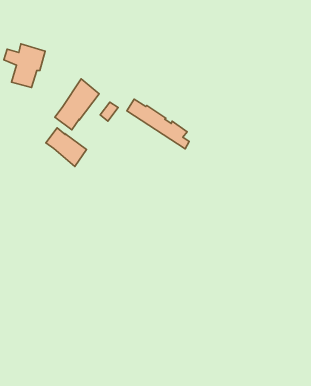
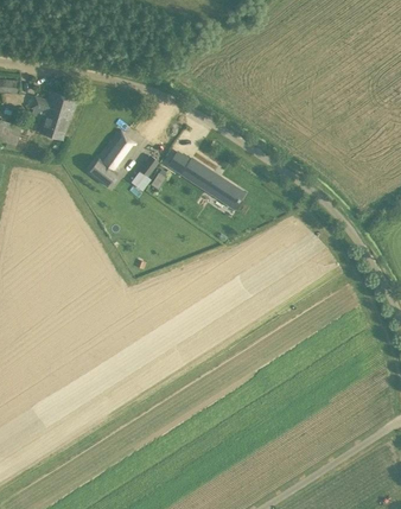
building: [46,128,86,166] -> none

